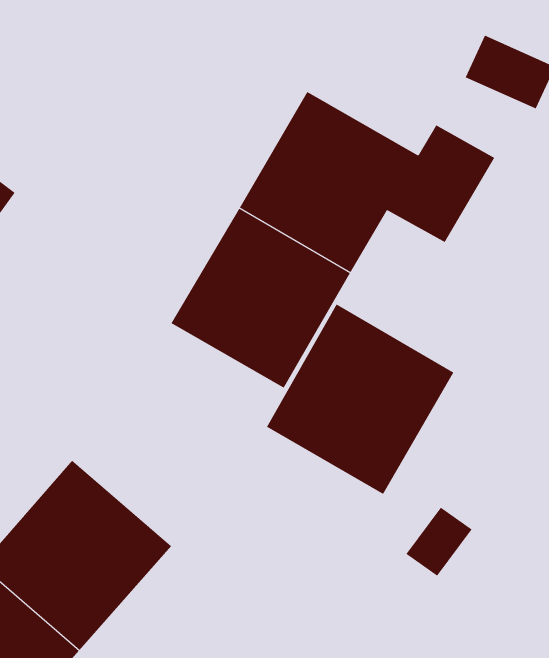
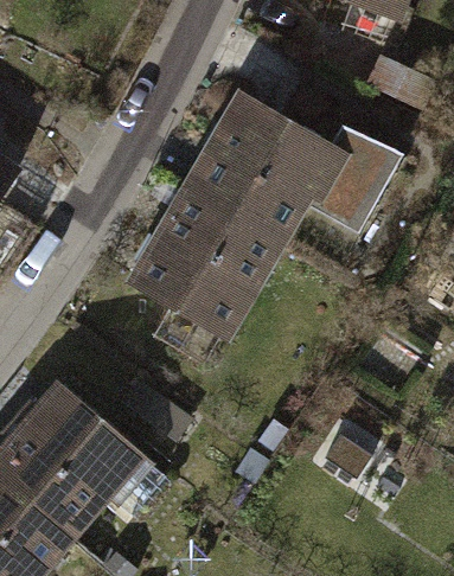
building: [266,303,454,495] -> none

